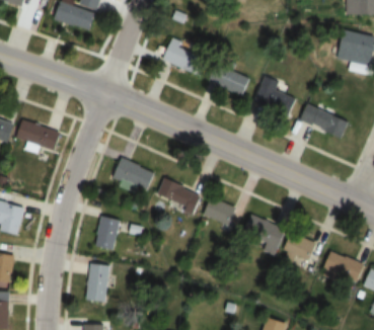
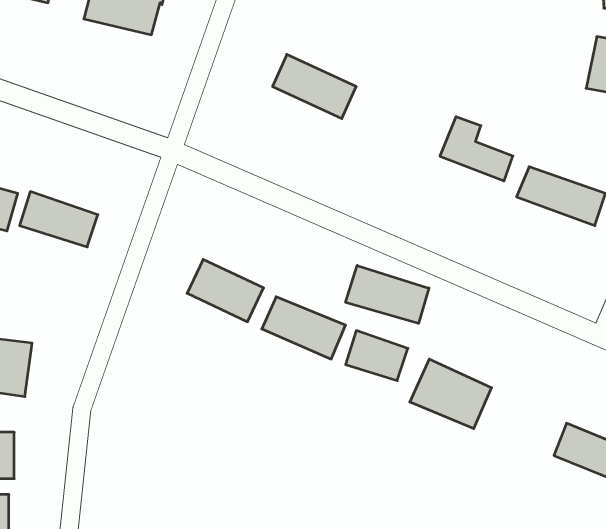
building: [213,68,250,96] -> none
building: none -> [346,265,429,323]
building: [93,216,120,251] -> none
building: [279,234,316,265] -> none
building: [85,263,110,302] -> none

